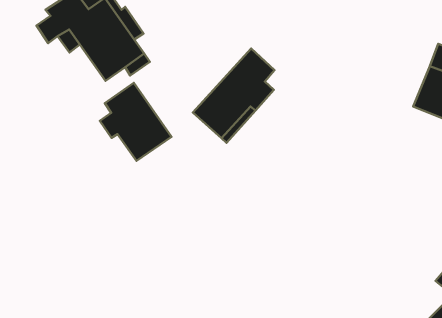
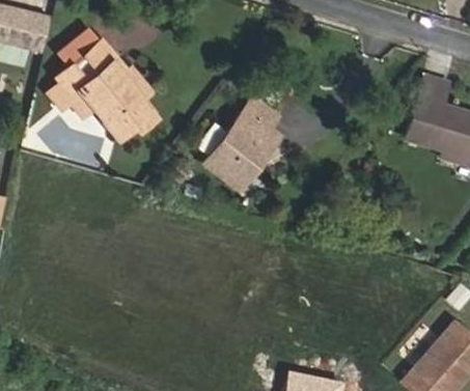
building: [100,83,171,161] -> none

